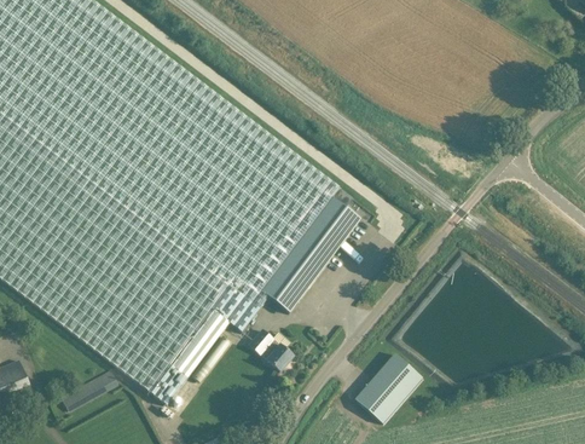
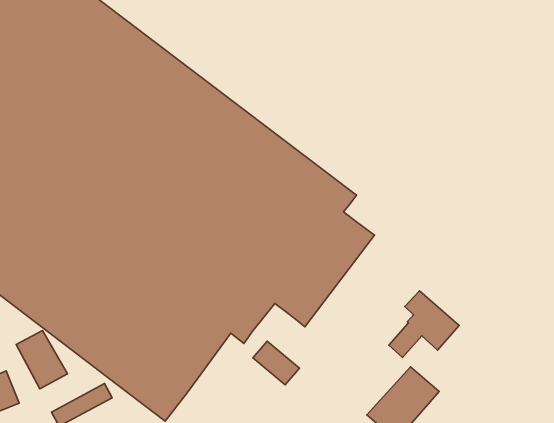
building: none -> [389,291,459,358]
building: none -> [16,331,67,389]

